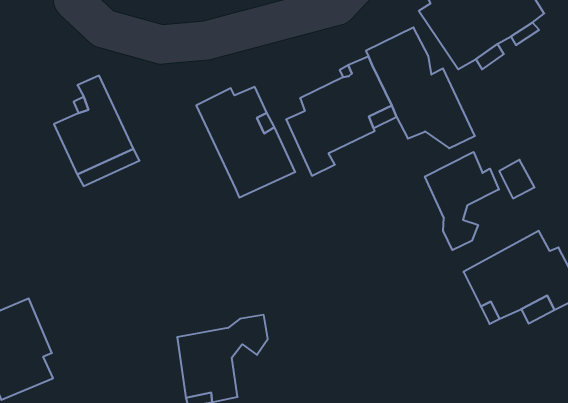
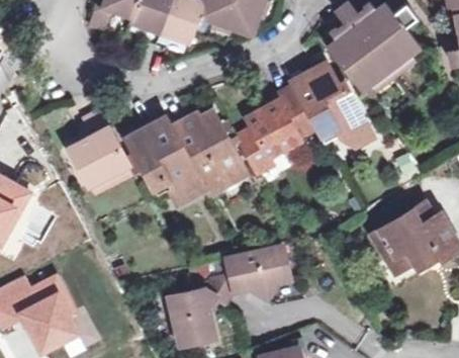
building: none -> [125,116,203,195]
building: [425,152,499,250] -> none
building: none -> [225,247,286,298]

